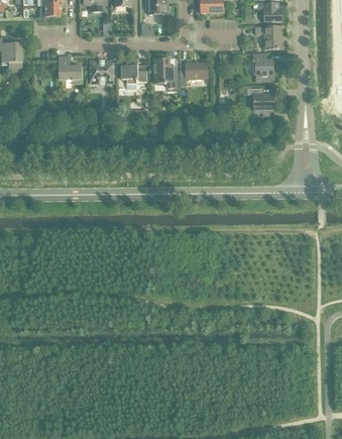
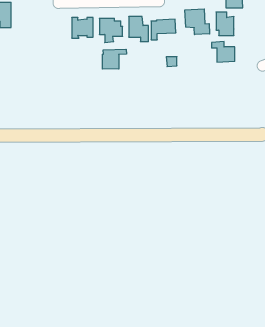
building: none -> [185,9,210,35]
building: [58,54,82,82] -> none
building: none -> [102,49,126,69]

